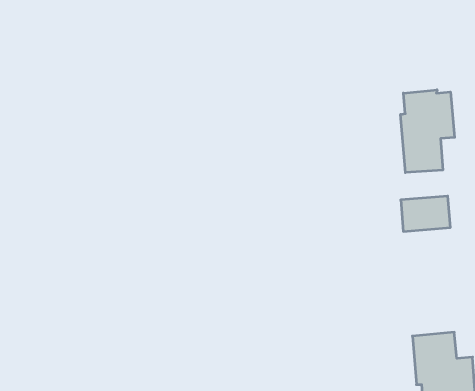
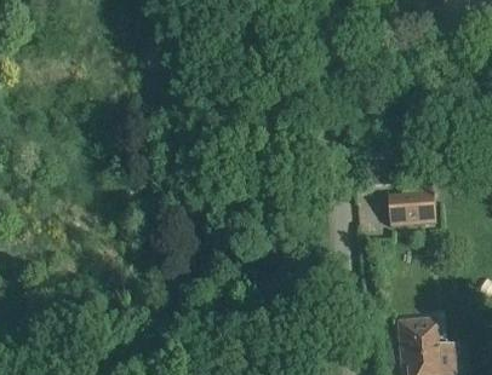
building: [401,90,455,173] -> none

